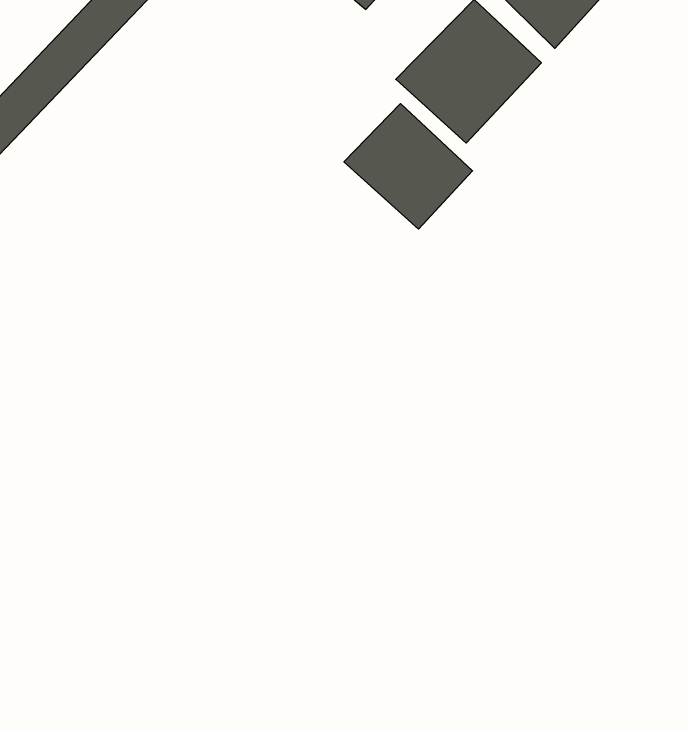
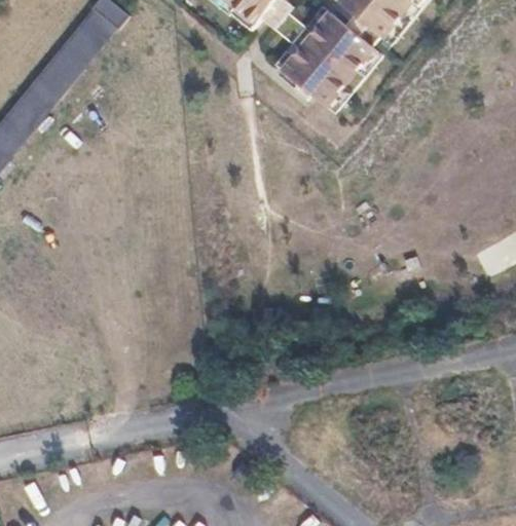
building: [344,104,473,229] -> none

